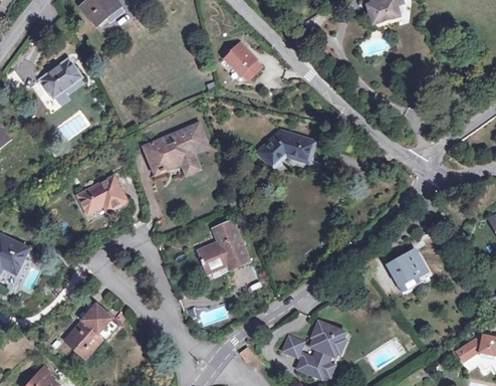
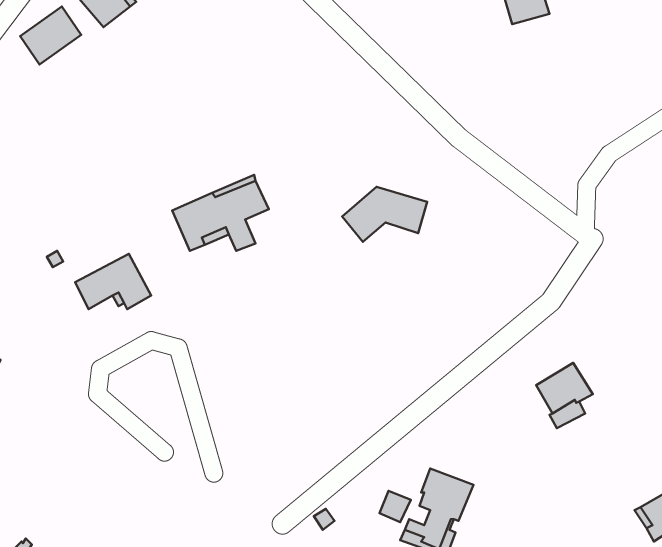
building: [224,41,262,79] -> none
building: [39,57,80,96] -> [20,6,81,65]
building: [197,219,249,272] -> none
building: [64,304,122,358] -> none

